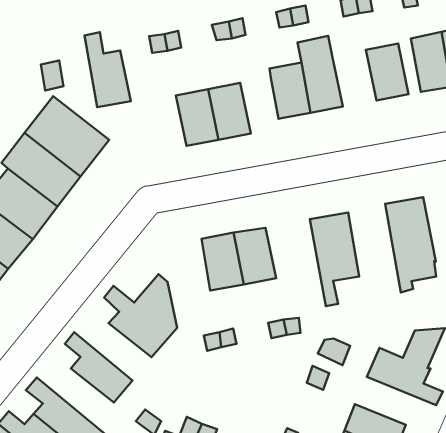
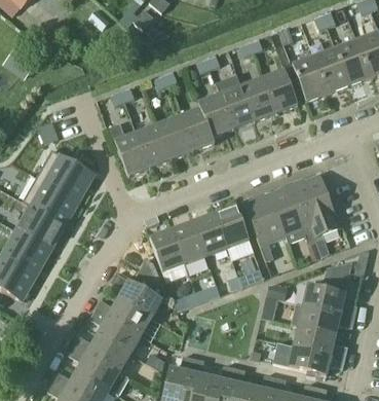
building: [84,32,131,107] -> [109,122,149,175]
building: none -> [239,78,275,120]
building: none -> [179,109,214,150]
building: none -> [269,183,315,245]
building: none -> [214,206,249,248]
building: none -> [149,229,187,282]
building: none -> [93,299,150,336]
building: none -> [73,335,129,372]
building: none -> [291,304,353,334]

